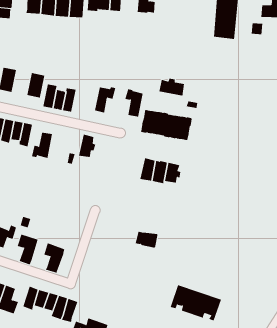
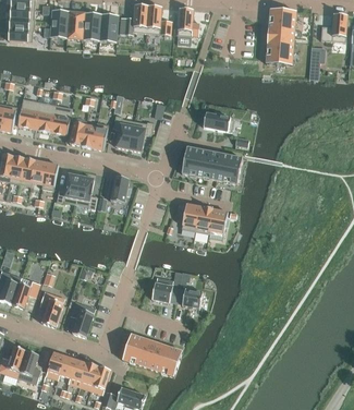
building: none -> [34,101,56,132]
building: [125,89,143,117] -> [112,116,134,148]
building: none -> [75,176,96,209]
building: none -> [151,277,179,302]
building: [170,284,222,321] -> [122,334,182,376]

